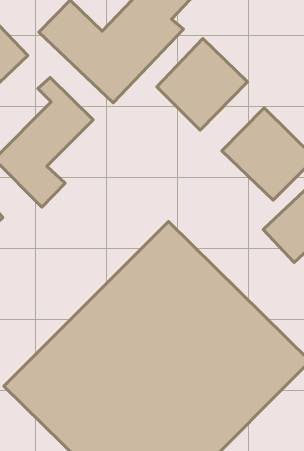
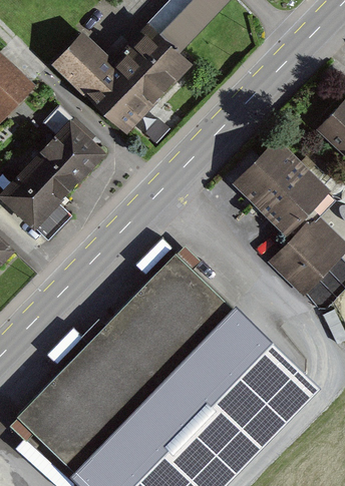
building: [157,39,247,130] -> none

